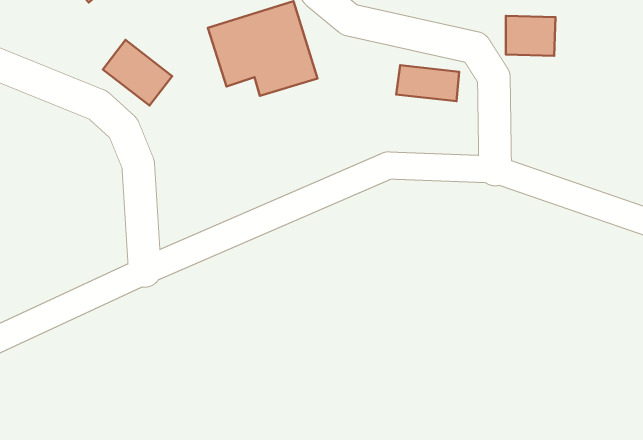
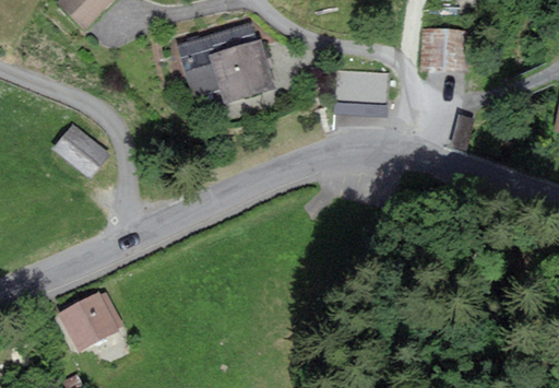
building: [103,40,172,105] -> [55,127,111,180]
building: none -> [62,296,120,346]

